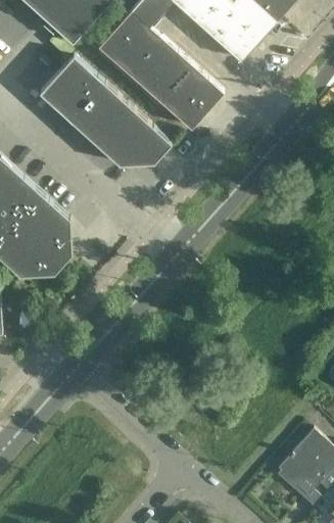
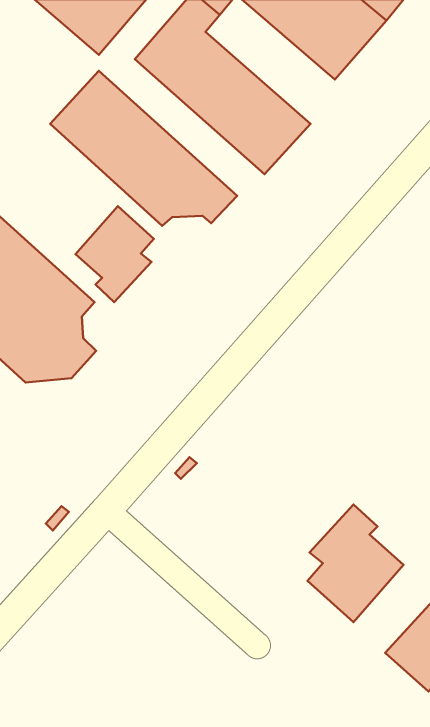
building: none -> [75,206,154,302]
building: none -> [307,505,404,622]

